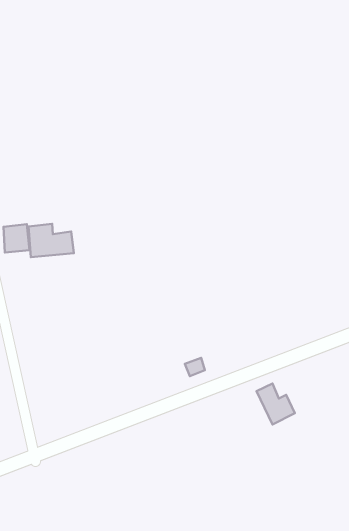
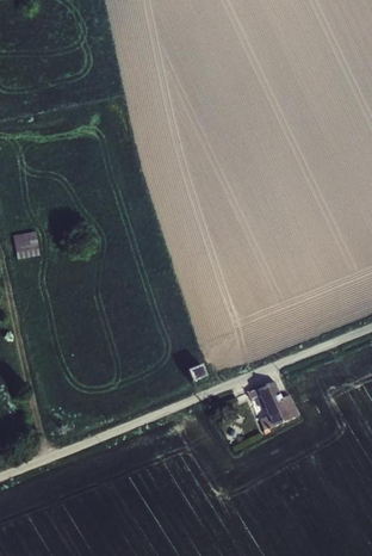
building: [28,224,74,257] -> none

